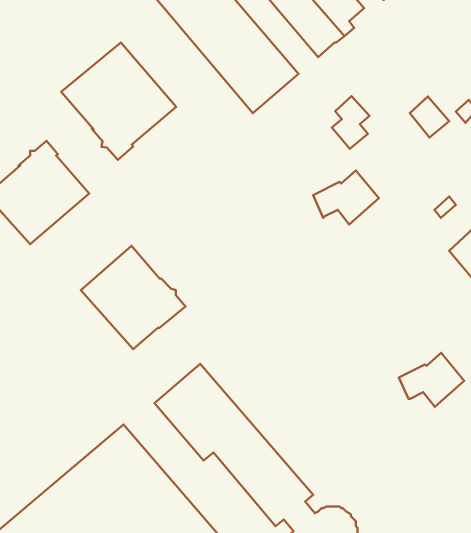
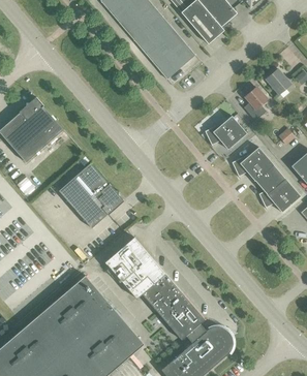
building: [61,42,176,160] -> none
building: [332,96,370,149] -> [243,88,267,121]
building: none -> [232,147,273,181]
building: [399,353,464,407] -> [258,179,300,213]

